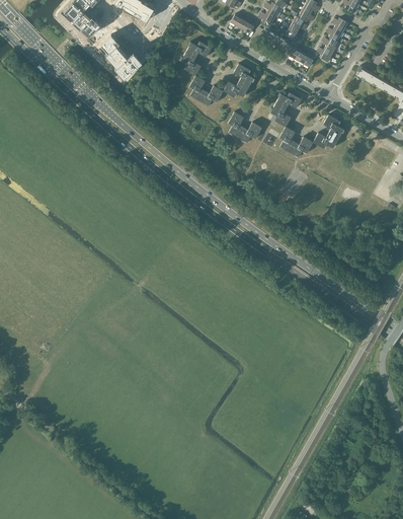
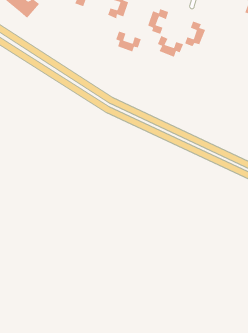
building: [189,74,223,104] -> none

